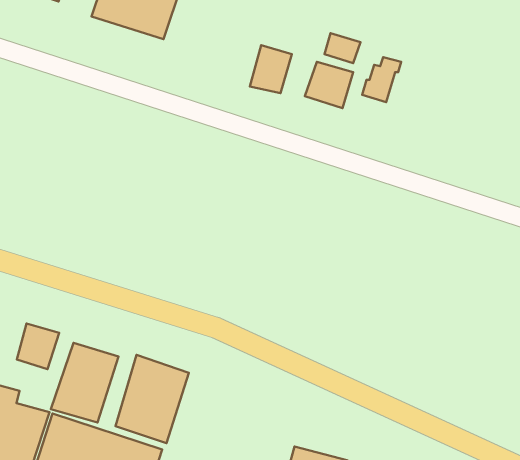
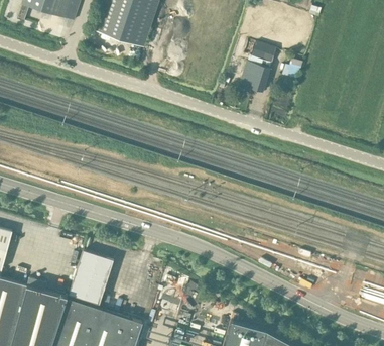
building: [250,45,292,93] -> none
building: [17,324,59,369] -> none
building: [116,355,189,443] -> none

